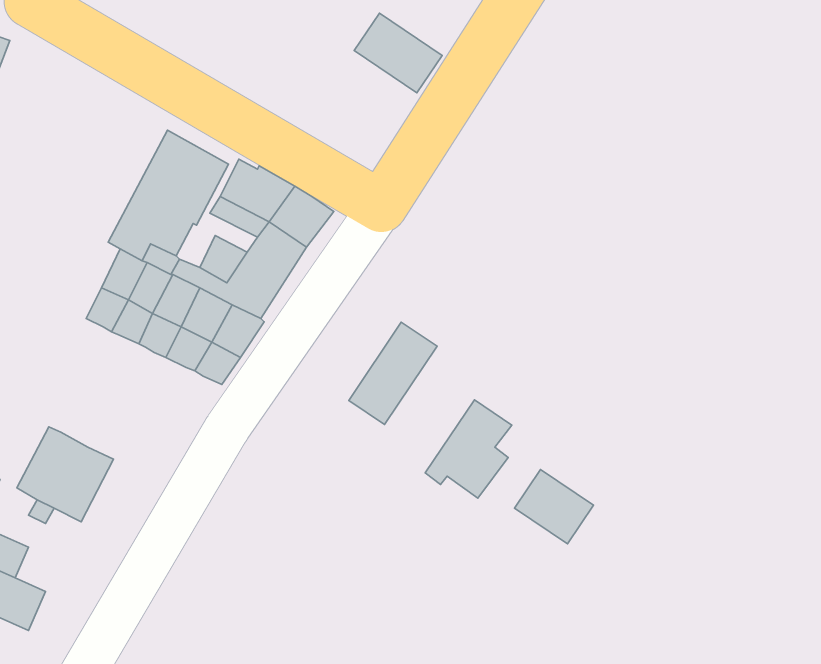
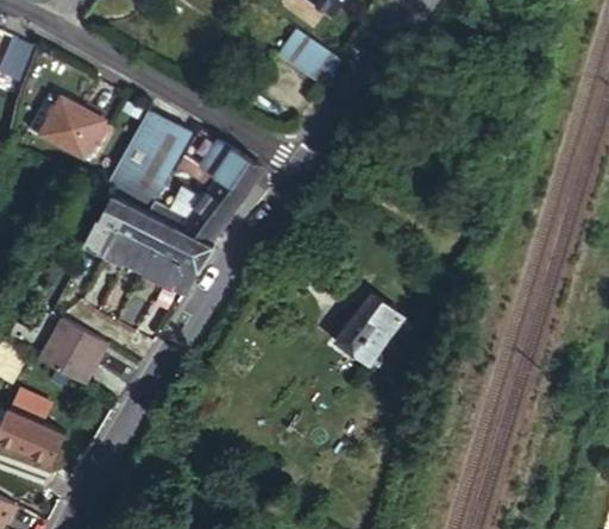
building: none -> [39,96,103,158]
building: [349,322,437,424] -> none
building: [514,469,593,544] -> none

